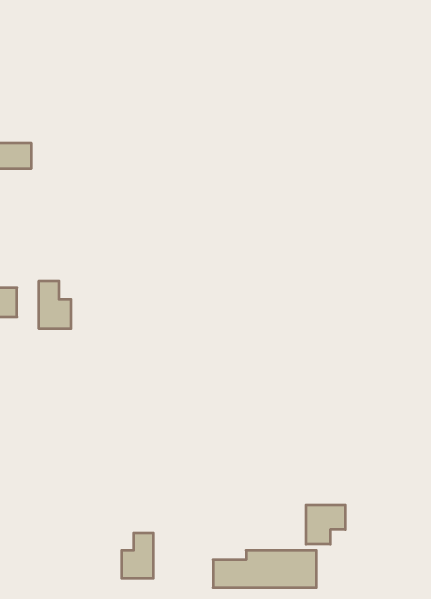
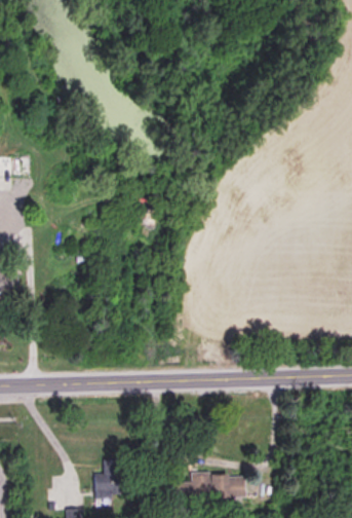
building: [39,281,71,329] -> none
building: [306,505,345,544] -> none

